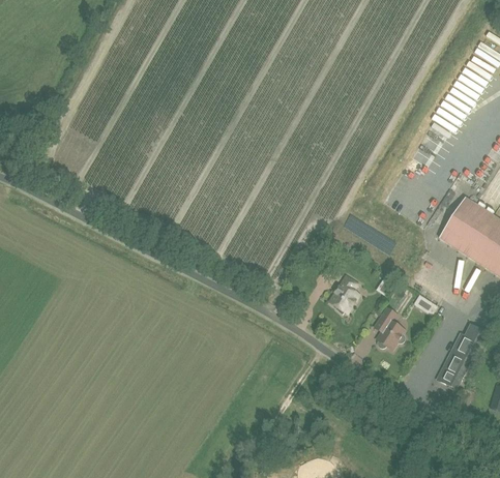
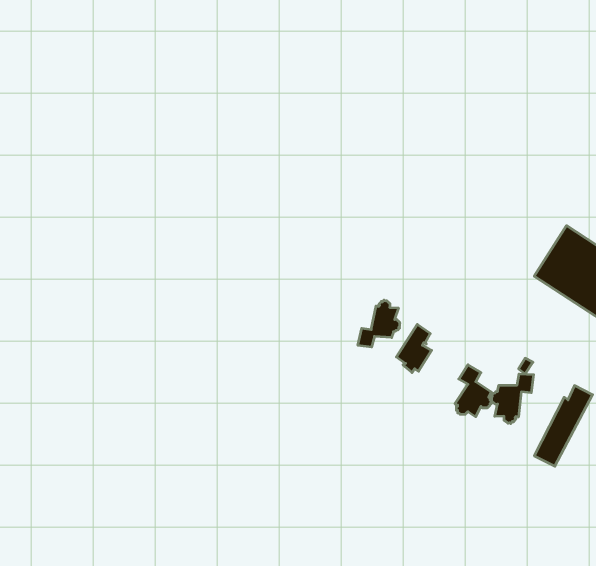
building: none -> [358,300,400,347]
building: none -> [491,374,534,424]

